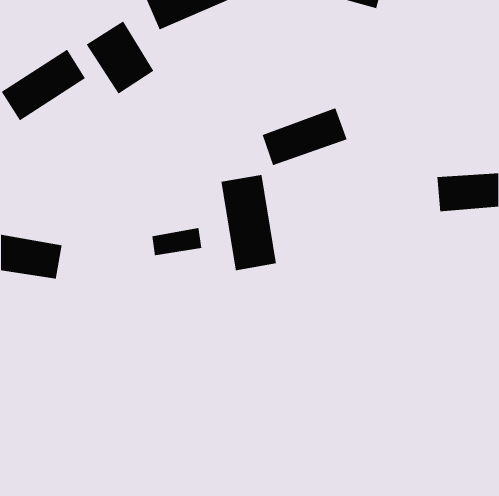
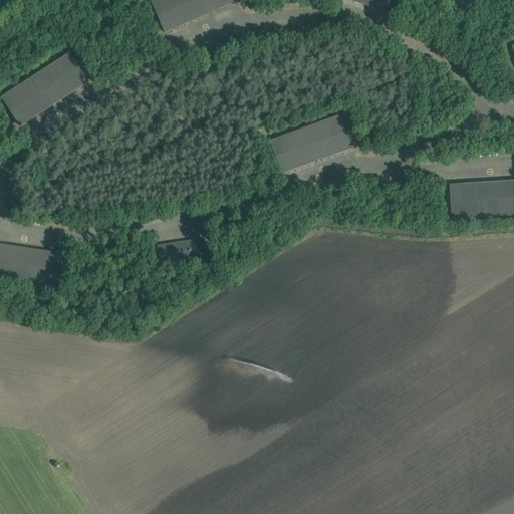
building: [86,20,154,94] -> none
building: [221,174,277,271] -> none

